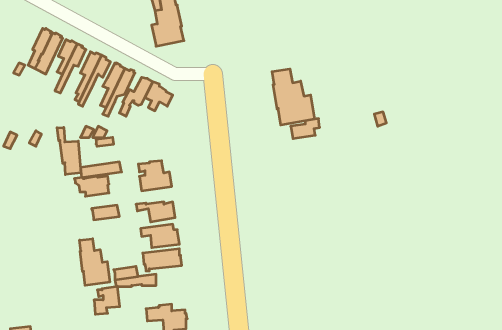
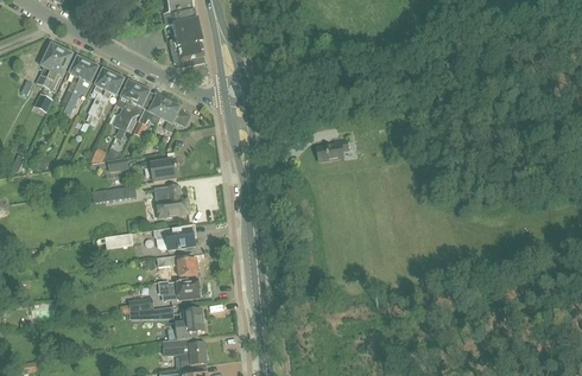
building: [272,69,315,125] -> none
building: [57,127,81,175] -> none
building: [74,176,109,196] -> [139,159,176,180]
building: [80,239,110,285] -> none
building: [94,286,120,314] -> [175,308,202,338]

